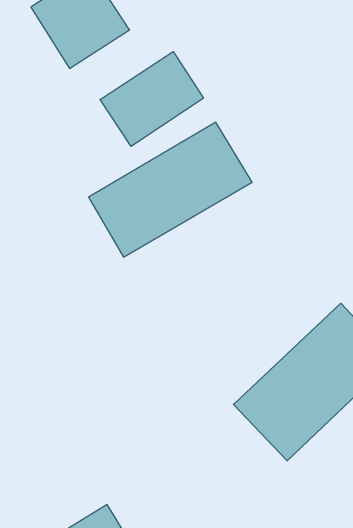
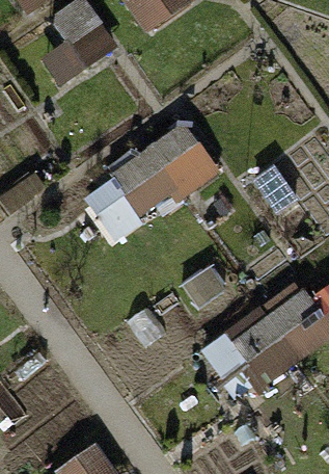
building: [100,52,203,146] -> none

